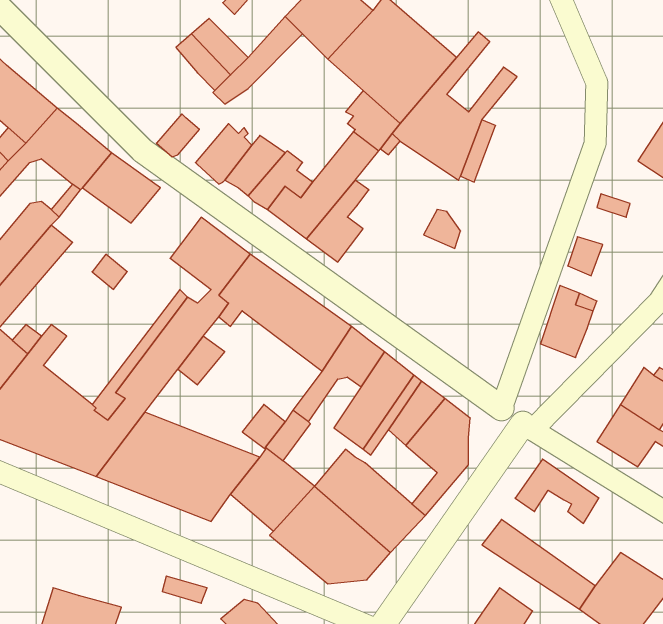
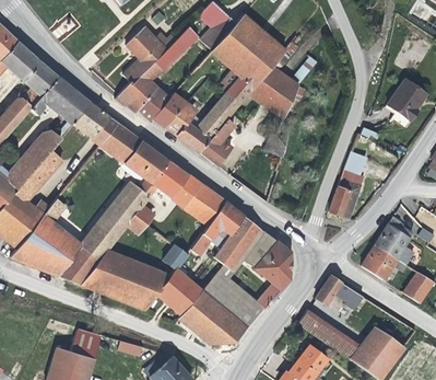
building: none -> [127,69,156,111]
building: none -> [98,123,140,162]
building: none -> [71,329,102,358]

